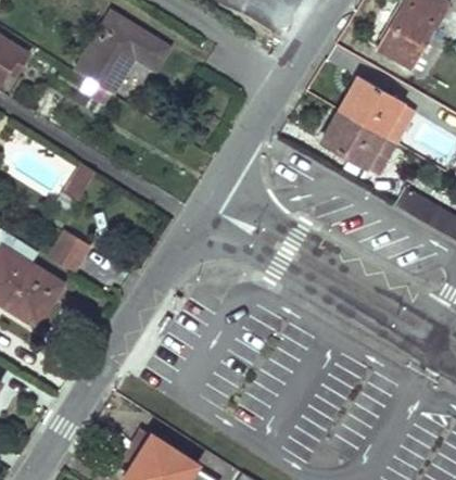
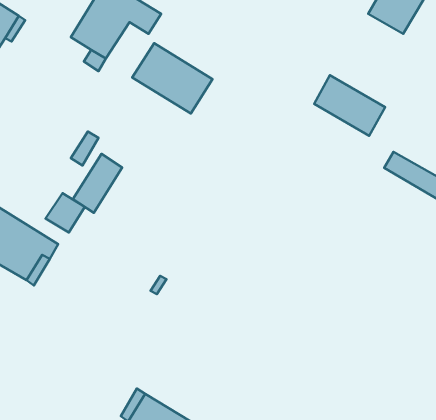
building: none -> [132,43,213,114]
building: [340,79,415,143] -> none
building: none -> [73,154,122,213]

